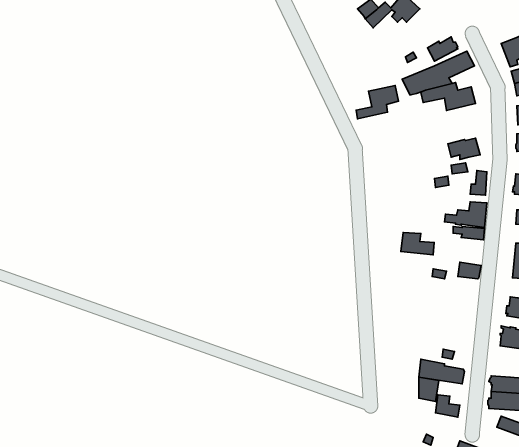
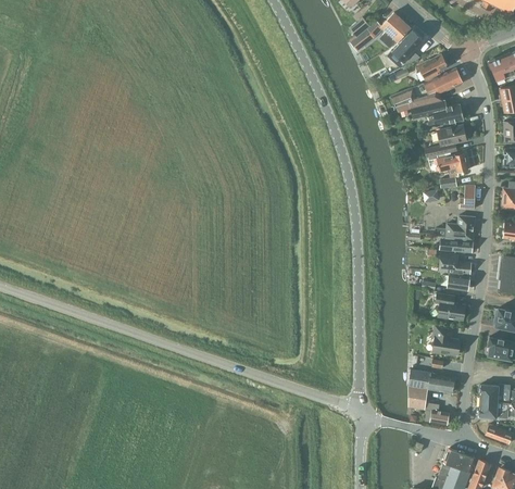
building: none -> [387,29,425,67]
building: [356,85,399,119] -> [426,125,467,158]
building: [401,232,434,255] -> [439,252,472,274]
building: none -> [437,293,466,321]
building: none -> [434,327,461,355]

